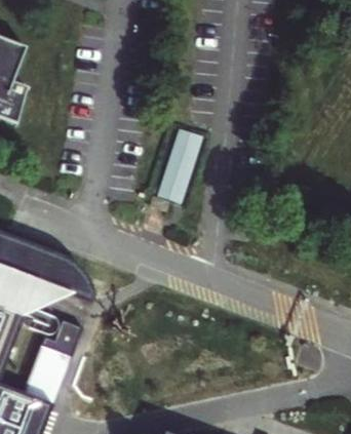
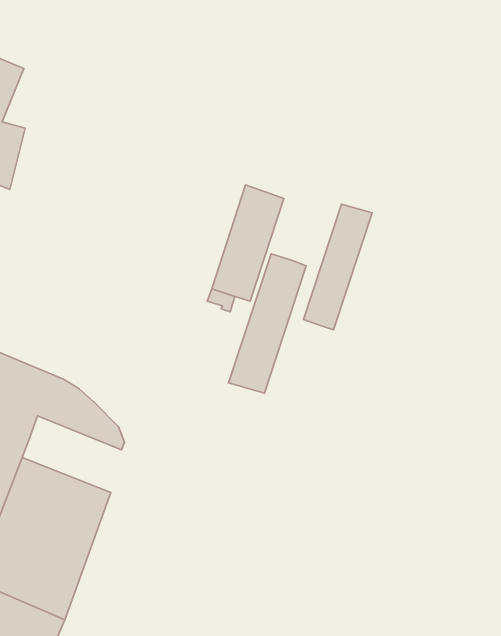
building: none -> [304,204,372,330]
building: none -> [228,254,306,393]

